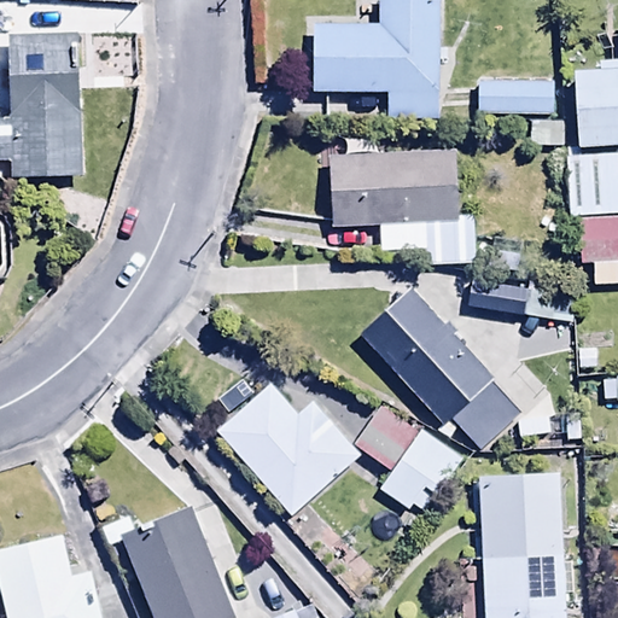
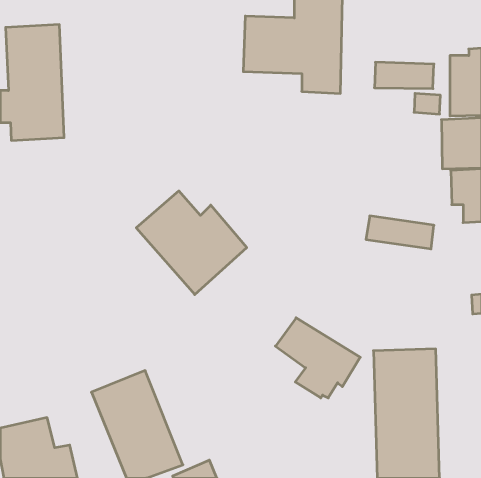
building: [328,151,477,272] -> none
building: [360,288,521,447] -> none
building: [217,383,358,515] -> [136,191,247,295]

